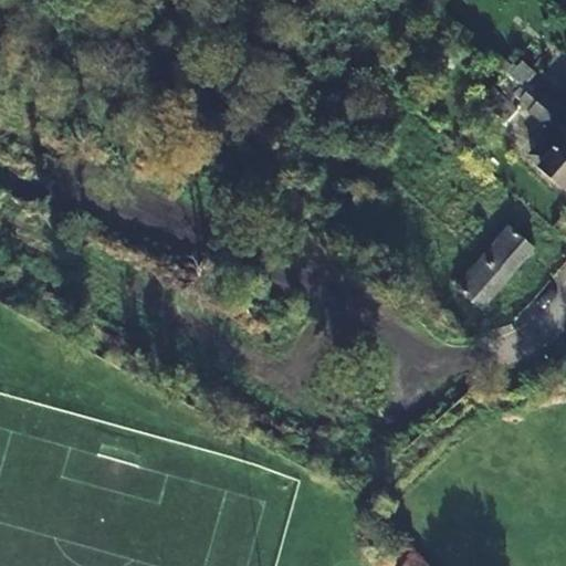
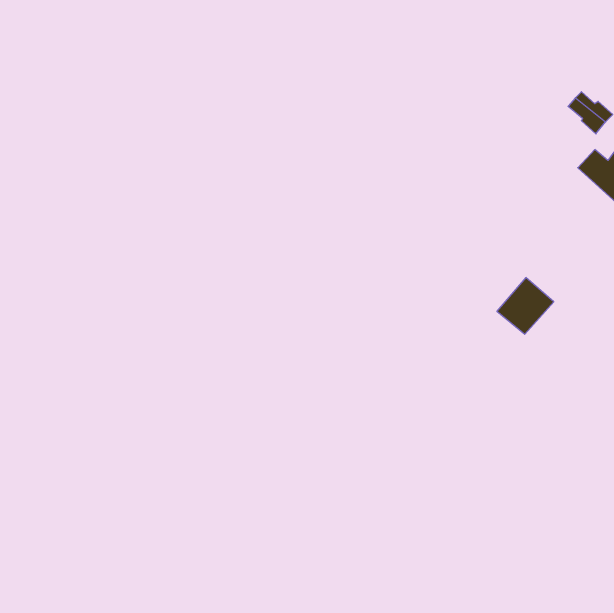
building: [484,226,536,276] -> none

